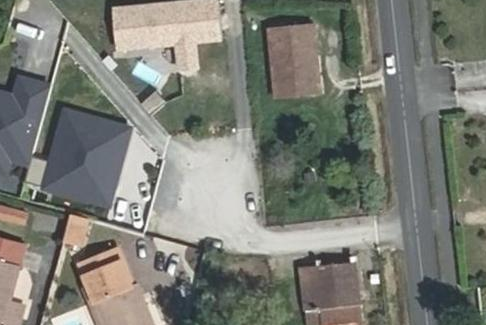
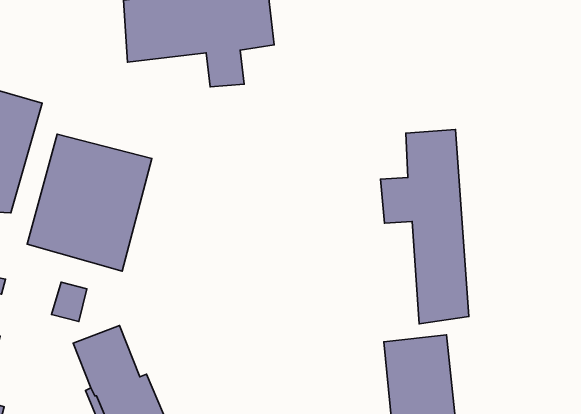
building: [269,27,317,96] -> none
building: none -> [380,130,469,324]

